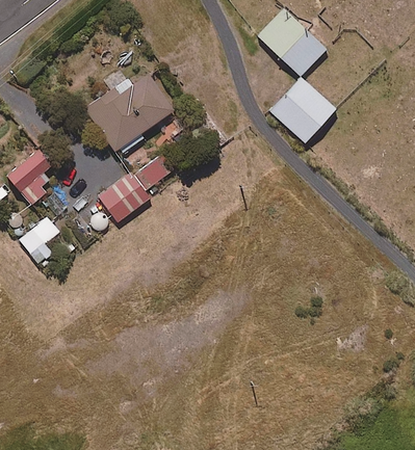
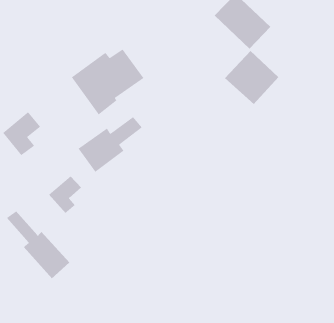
building: [17,217,57,263] -> [48,176,82,214]
building: none -> [6,210,70,279]

